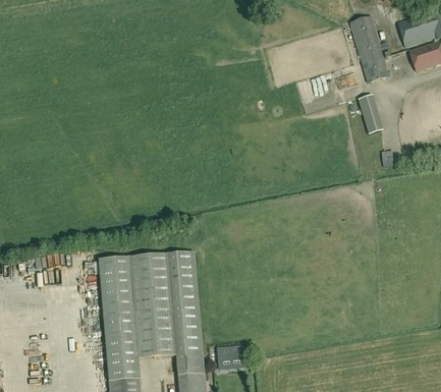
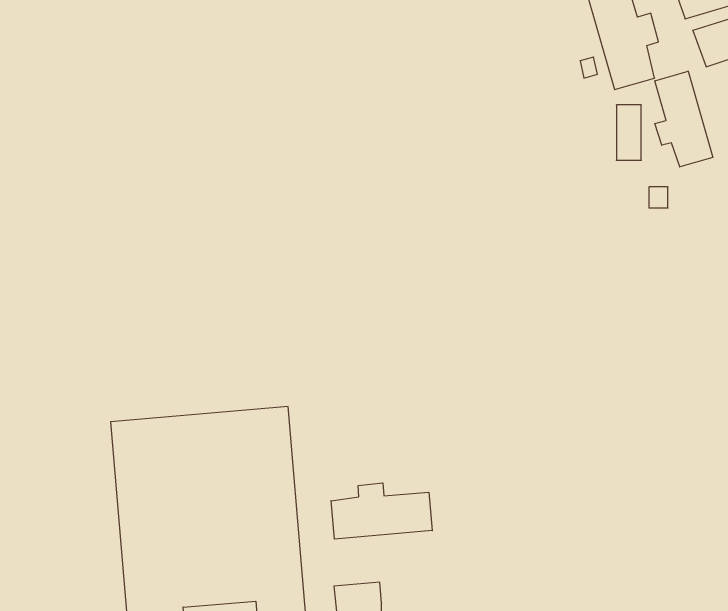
building: none -> [655,71,713,167]
building: none -> [331,483,432,539]

